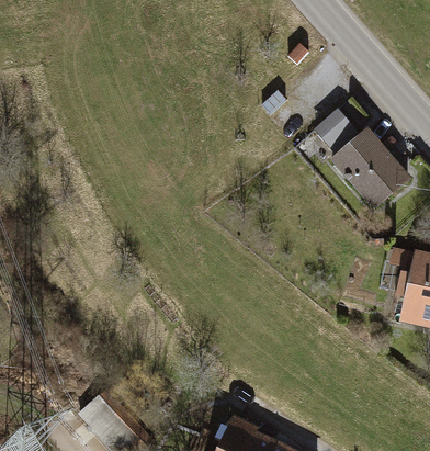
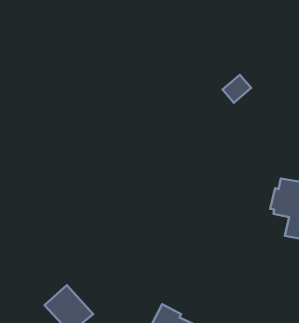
building: [329,127,411,211] -> none

